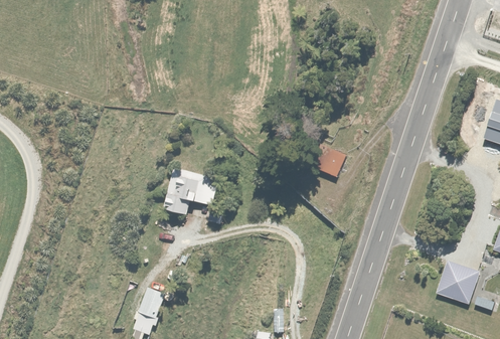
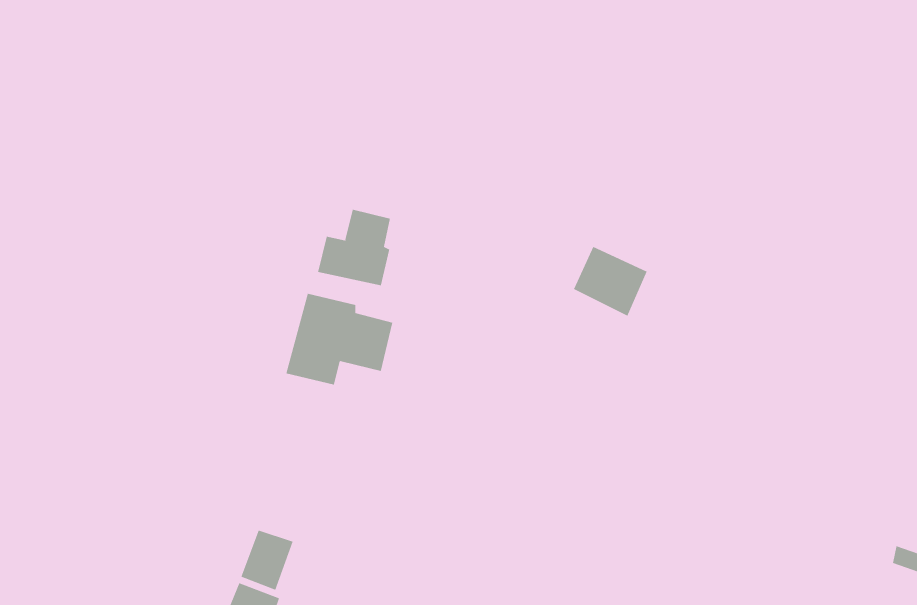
building: none -> [318,209,391,286]
building: [436,261,478,305] -> none

